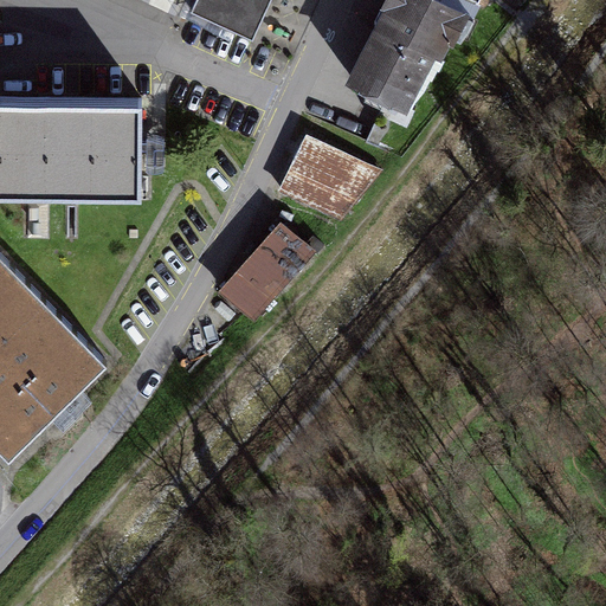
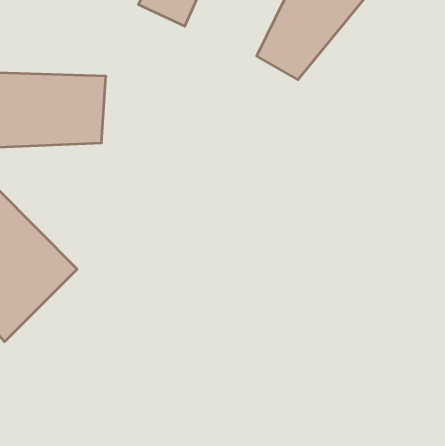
building: [279,140,370,225] -> none
building: [223,227,311,322] -> none

